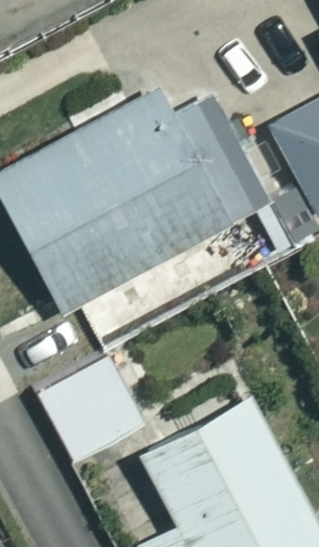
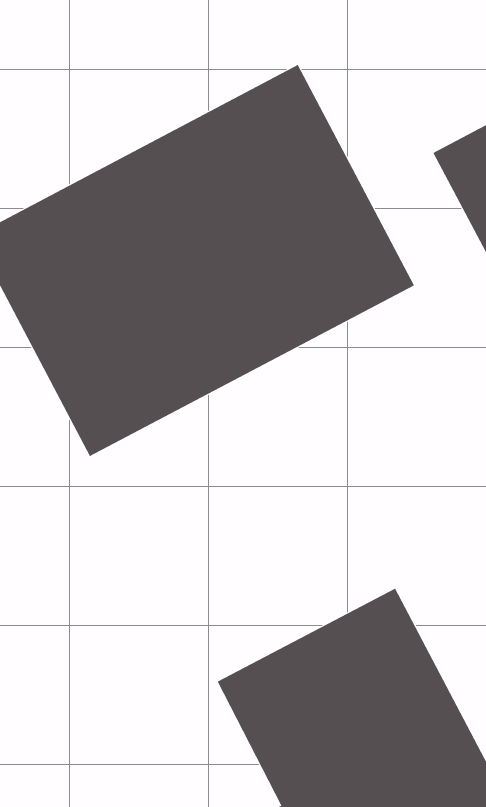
building: [40,353,150,463] -> none

